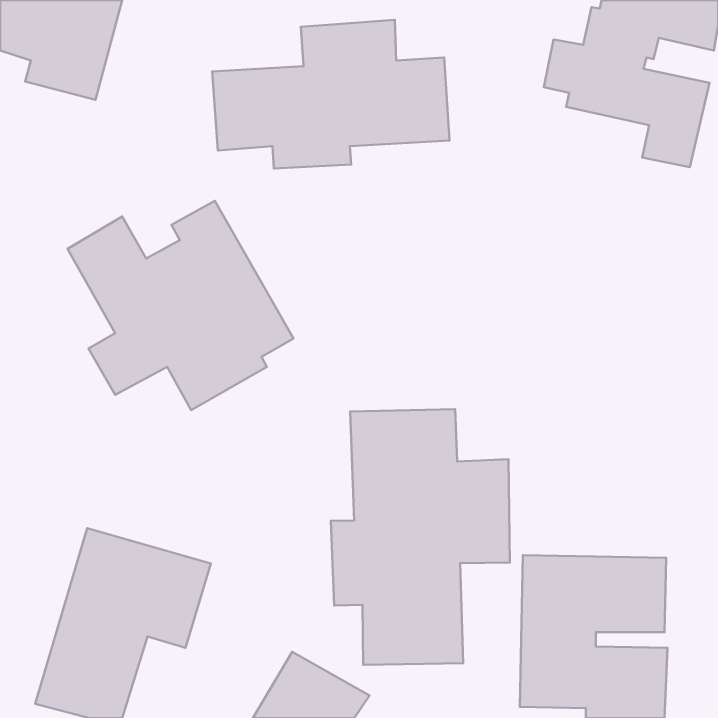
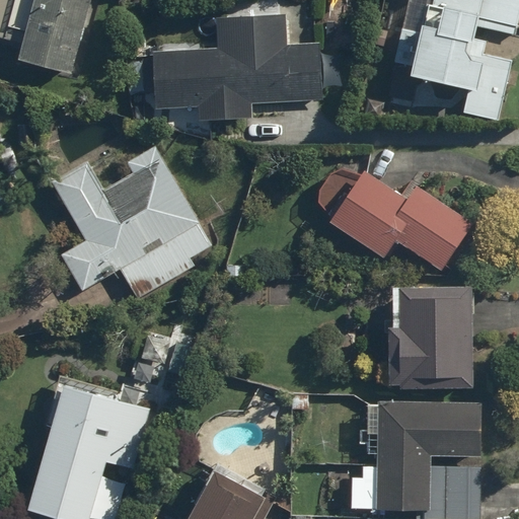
building: none -> [328,169,472,271]
building: none -> [388,286,471,389]
building: [331,409,510,665] -> none

